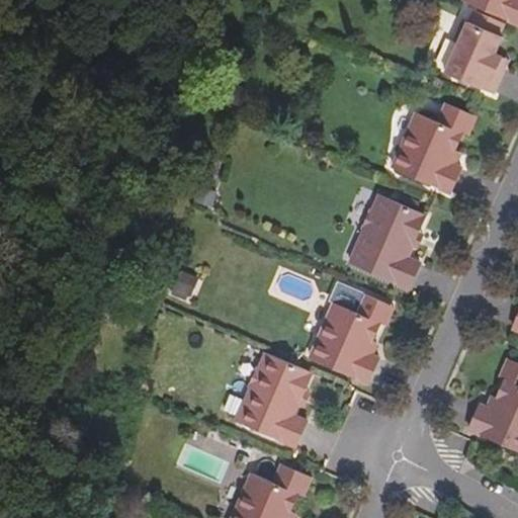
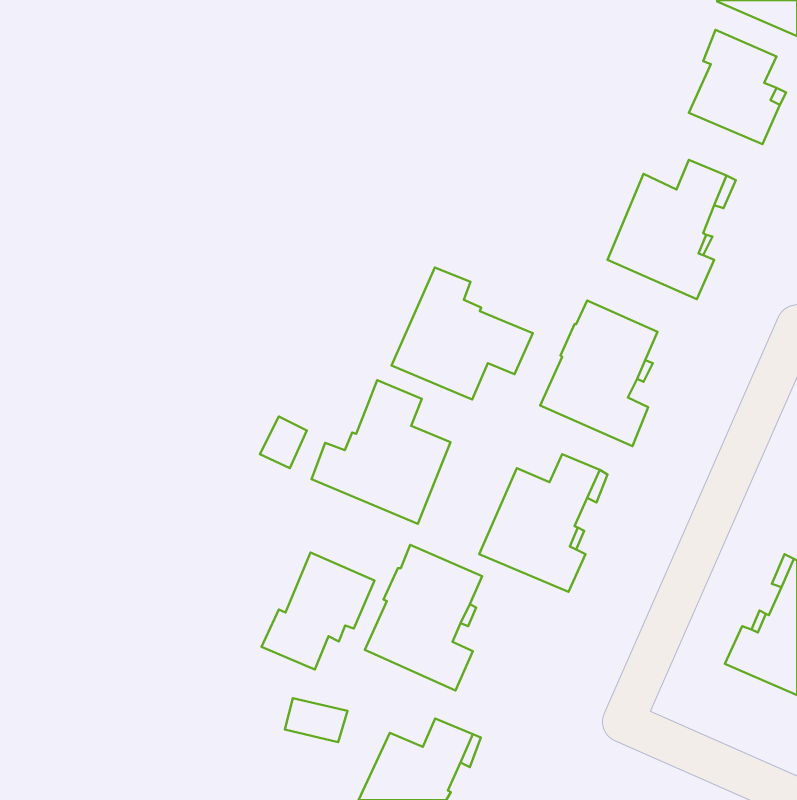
building: none -> [392,268,533,400]
building: none -> [312,380,451,524]
building: none -> [262,553,374,670]

